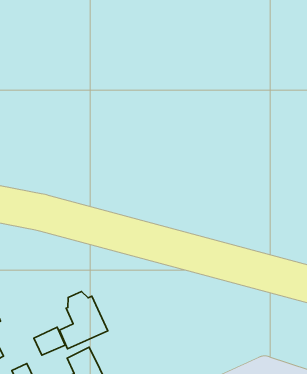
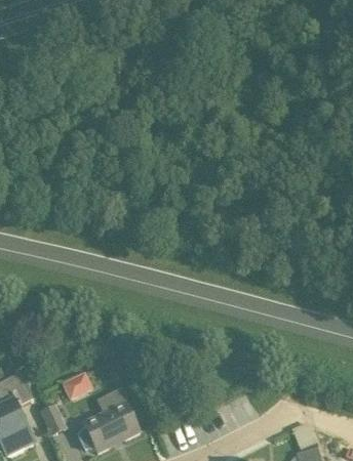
building: [59,292,108,349] -> none

